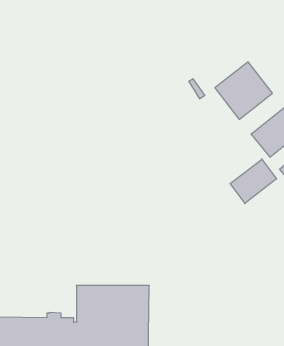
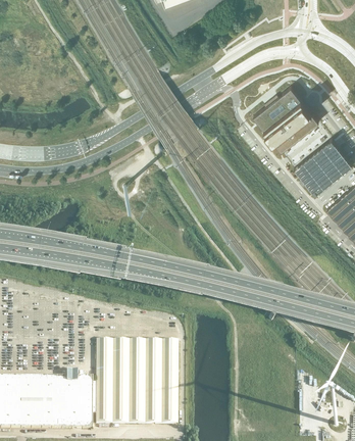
building: [230,159,277,204] -> none

